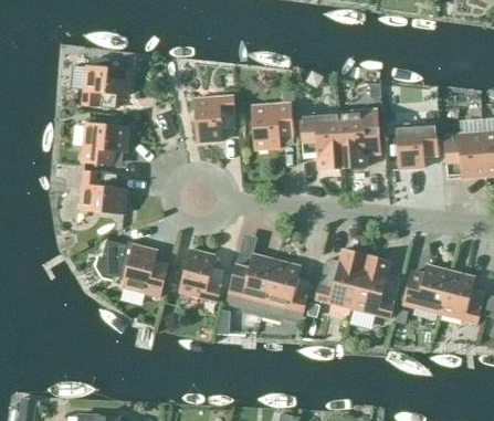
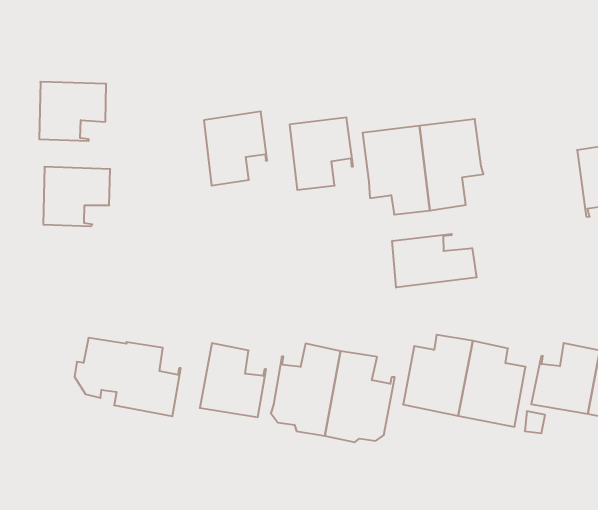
building: [396,122,438,169] -> none
building: [81,170,127,213] -> none
building: none -> [392,234,476,288]

